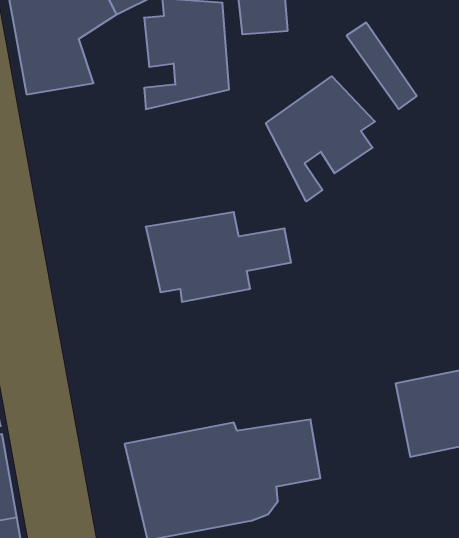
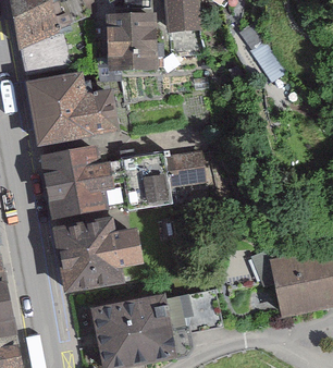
building: [266,76,375,201] -> none
building: none -> [26,68,116,143]
building: none -> [42,140,113,216]
building: none -> [53,213,143,290]

